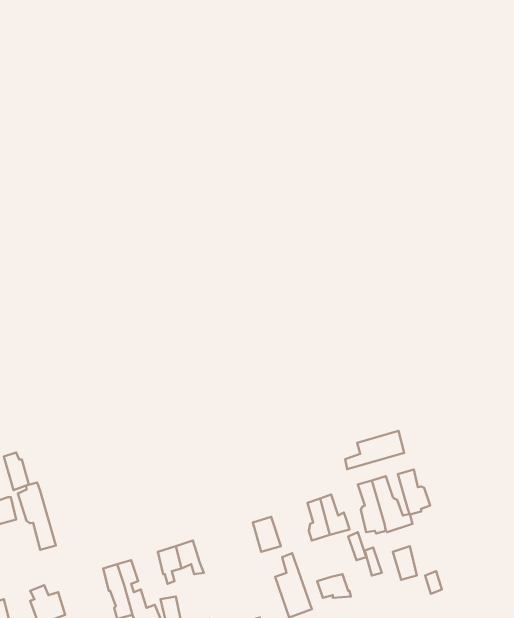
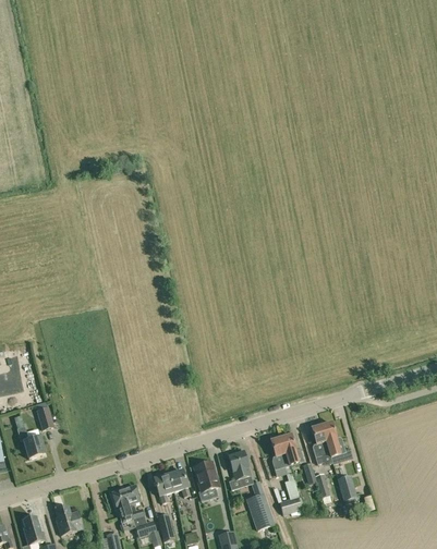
building: [345,431,404,469] -> none
building: [398,470,430,515] -> none
building: [18,482,56,550] -> none
building: none -> [194,461,219,491]

